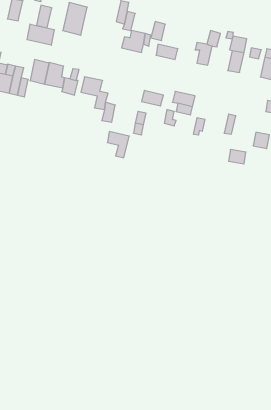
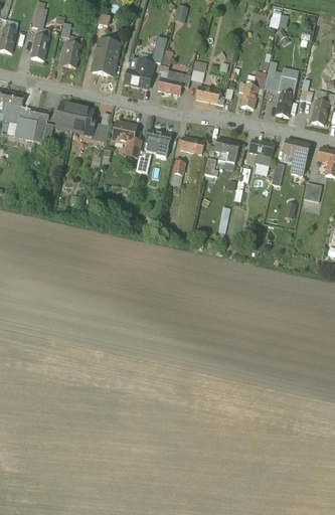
building: none -> [125,60,153,88]
building: [27,24,54,45] -> none
building: none -> [248,139,274,166]
building: none -> [283,140,309,175]
building: [107,132,129,158] -> [146,129,170,158]

